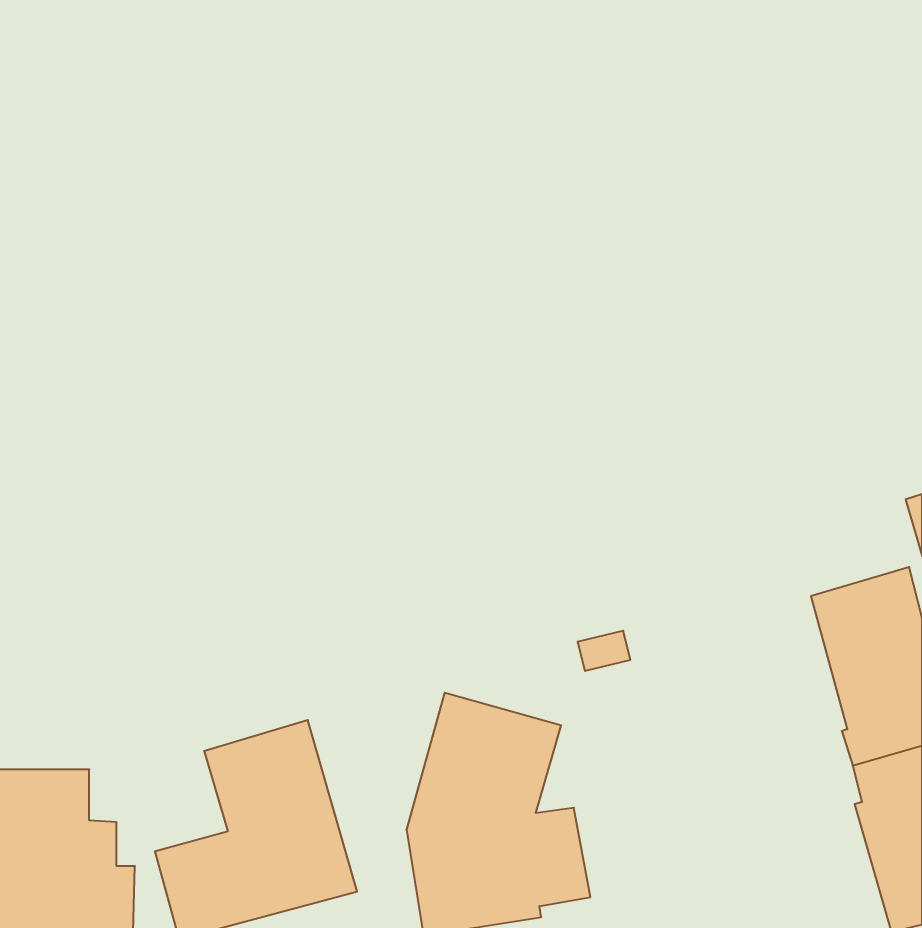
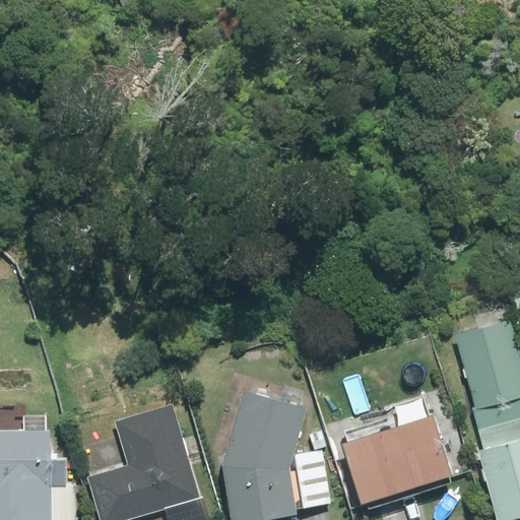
building: none -> [348,415,459,505]

